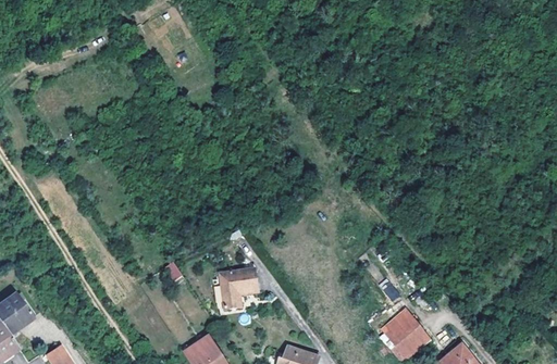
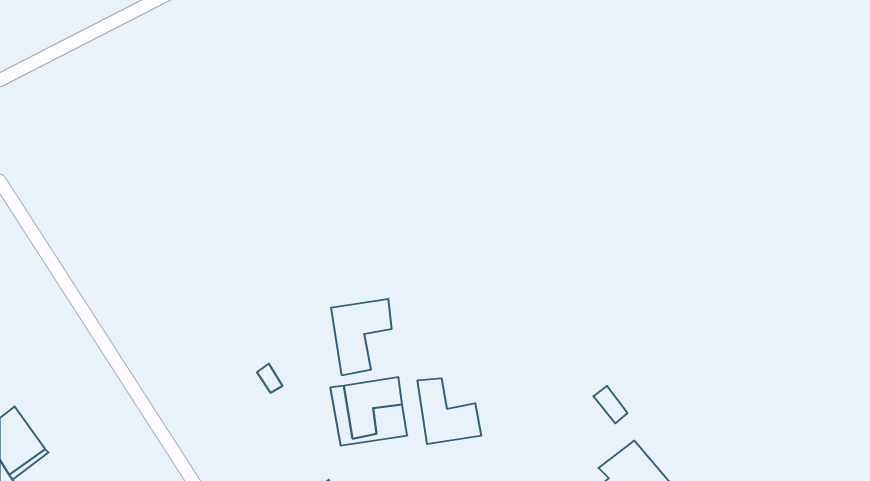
building: none -> [331,299,391,375]
building: none -> [418,378,481,444]

